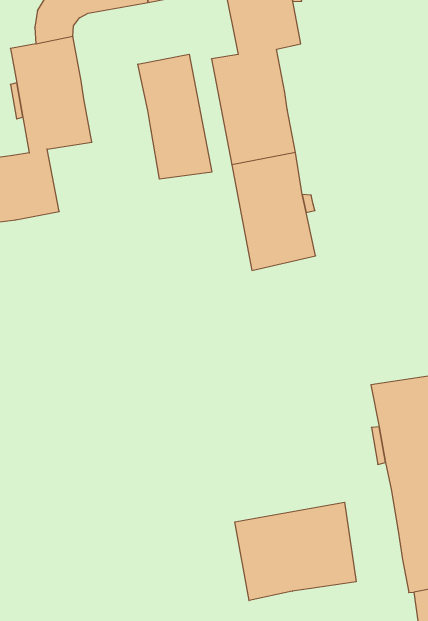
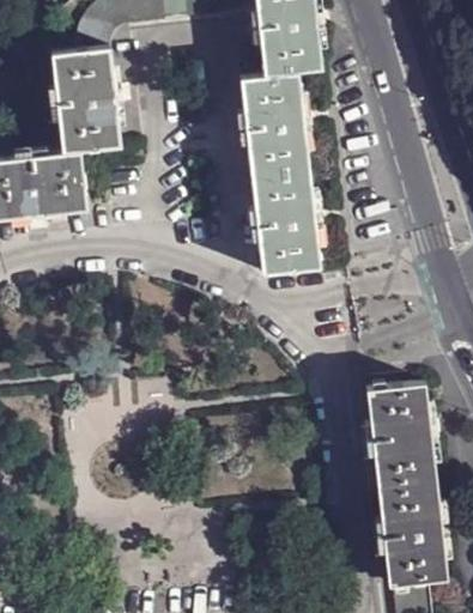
building: [138,54,212,179] -> none
building: [235,502,356,601] -> none

